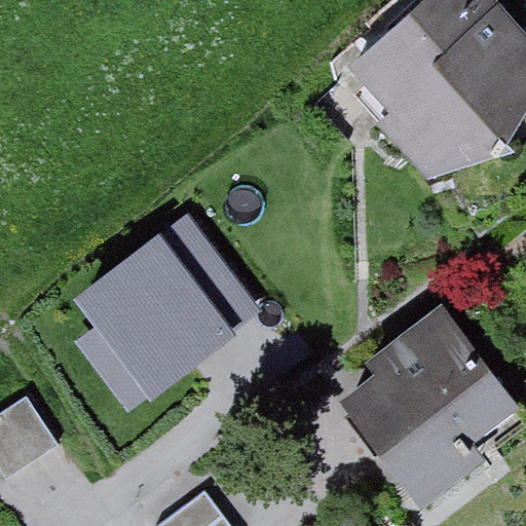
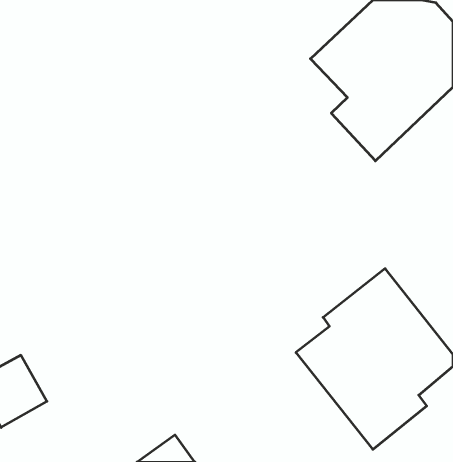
building: [77,226,236,382] -> none

